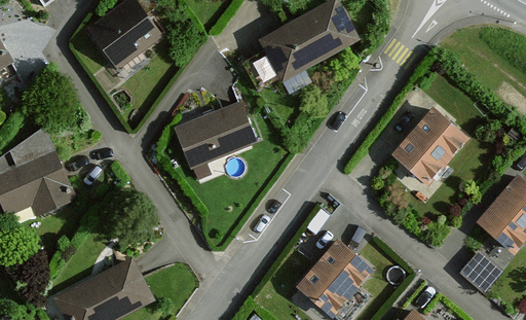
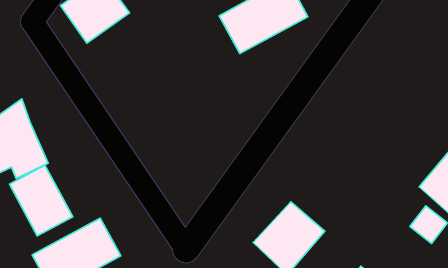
building: [176,102,254,180] -> none
building: [392,109,468,189] -> none
building: none -> [9,165,73,236]

